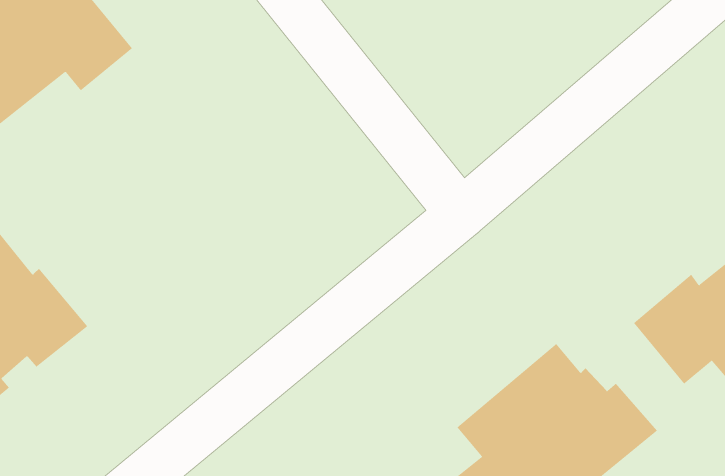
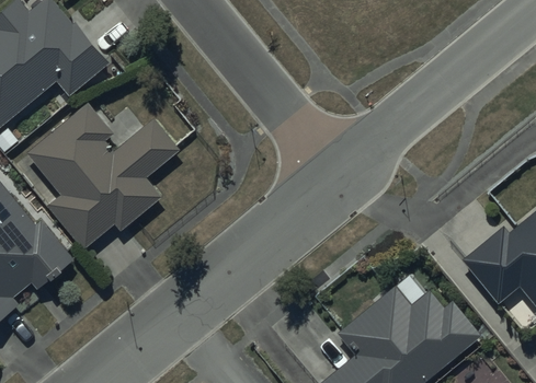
building: none -> [25,103,179,248]

